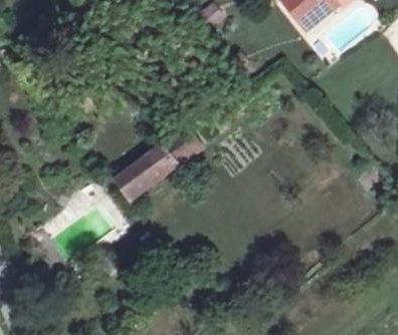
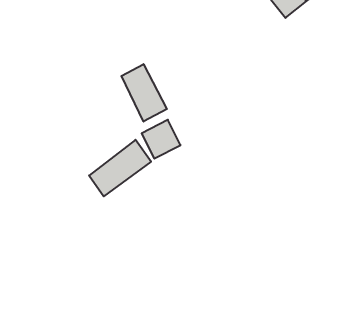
building: none -> [121,64,167,122]

